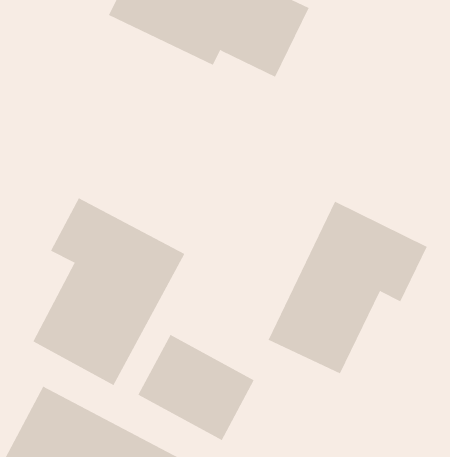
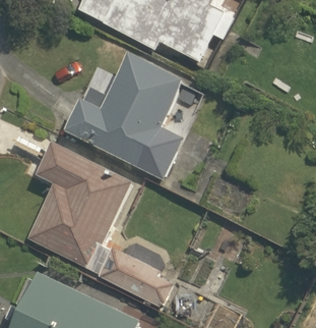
building: none -> [68,55,184,180]
building: [268,201,428,374] -> none

